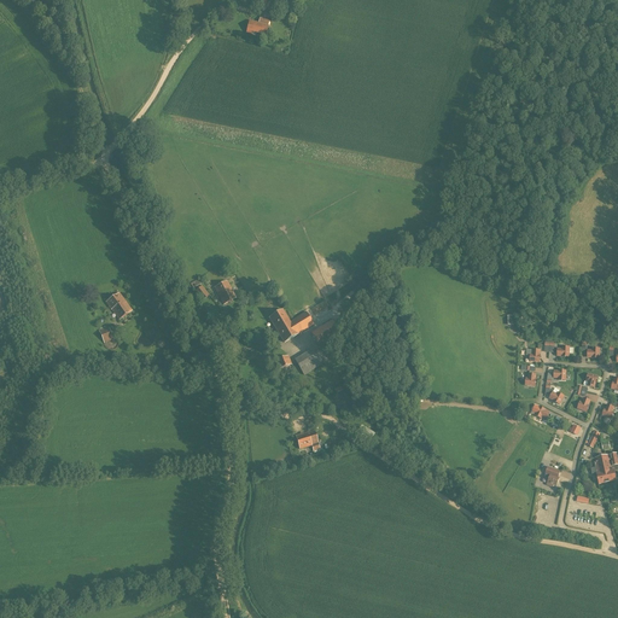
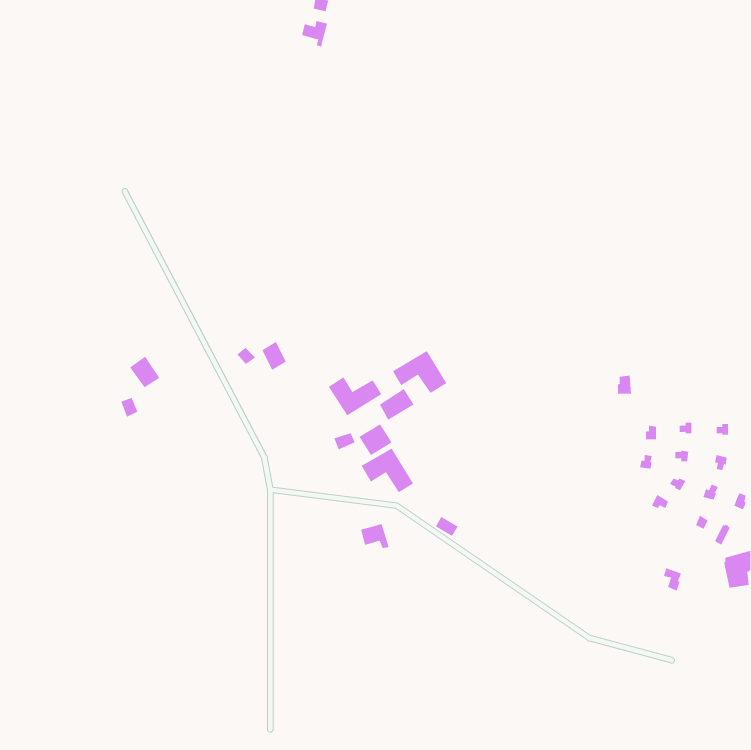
building: none -> [392,350,447,394]
building: none -> [361,448,414,493]

